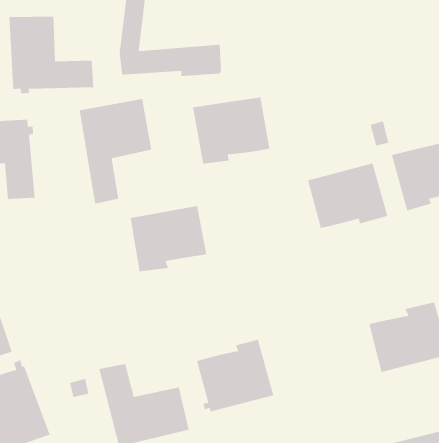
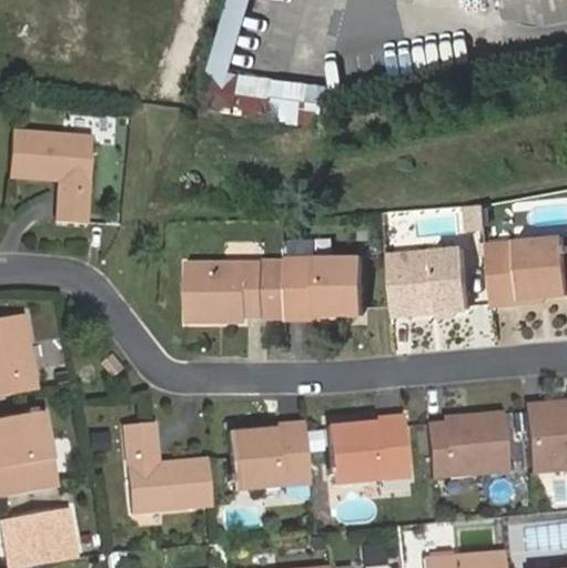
building: [9,16,94,94] -> none
building: [192,97,270,164] -> [285,255,363,321]
building: [79,98,152,205] -> none
building: none -> [327,415,412,485]

